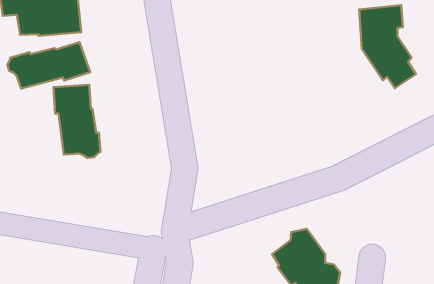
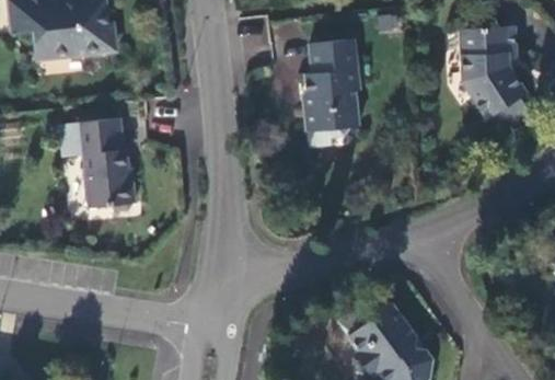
building: none -> [302,37,357,130]
building: [7,42,90,89] -> none

